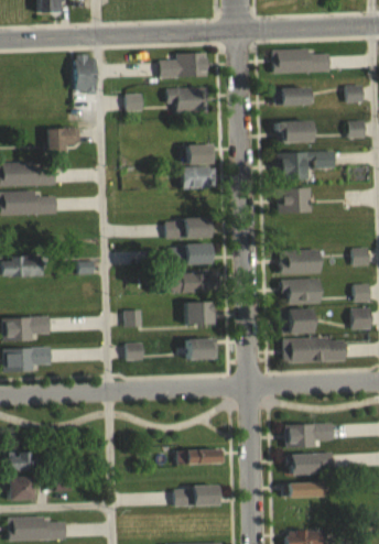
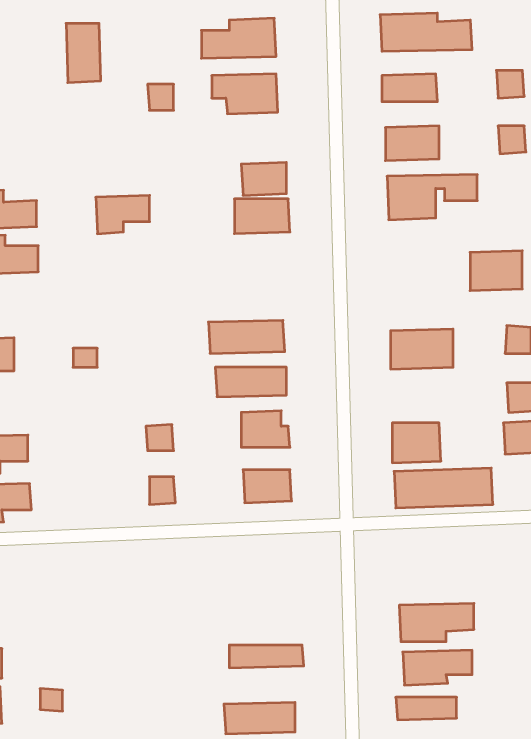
building: [46,127,80,151] -> [96,195,150,234]
building: [278,187,311,213] -> [470,251,522,291]
building: [166,218,212,238] -> none
building: [280,278,320,304] -> none

